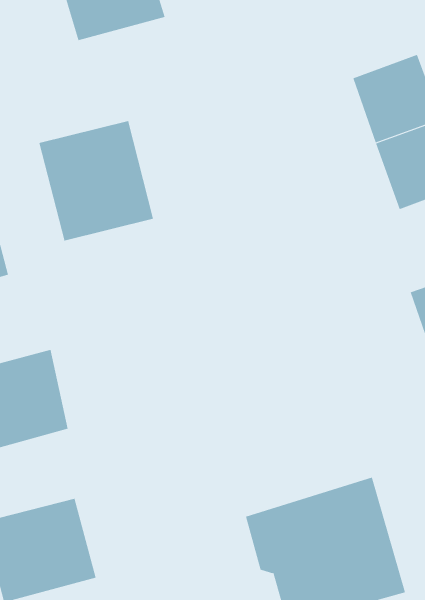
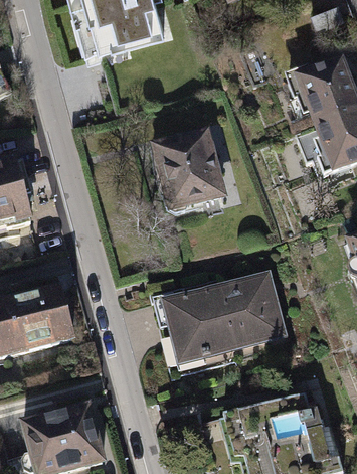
building: [38,120,154,241] -> [144,124,231,215]
building: none -> [161,268,289,367]

